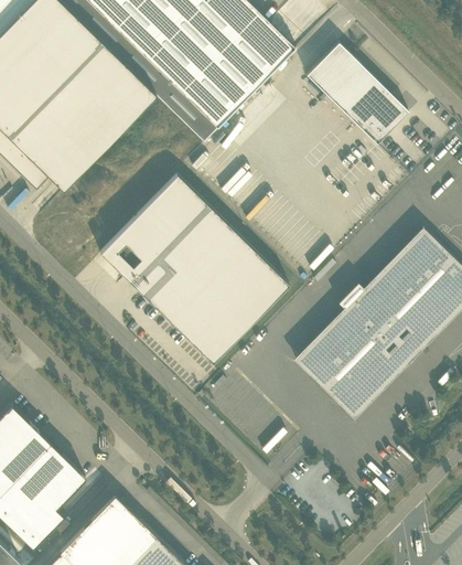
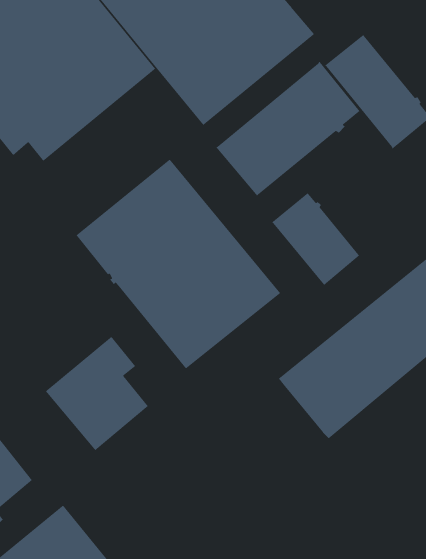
building: none -> [216,60,360,197]
building: none -> [271,192,360,286]
building: none -> [45,336,149,451]

